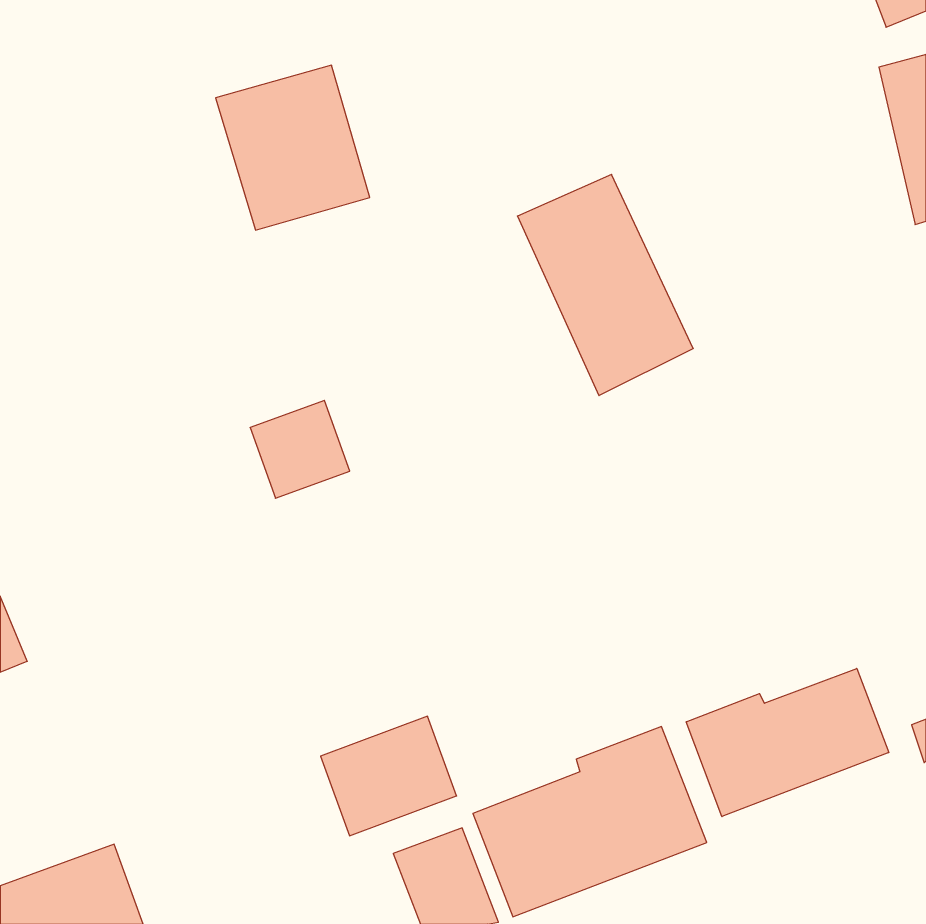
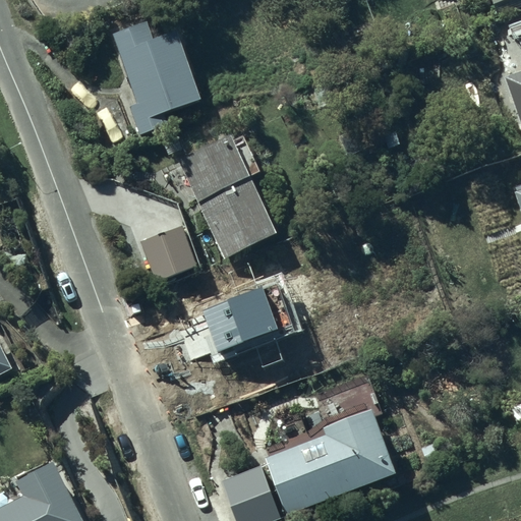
building: [517,174,693,396] -> [178,133,277,257]
building: [686,668,889,817] -> none
building: [321,716,457,836] -> [201,284,278,351]

